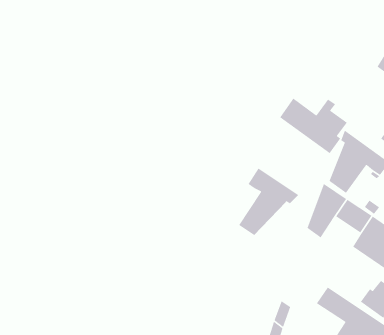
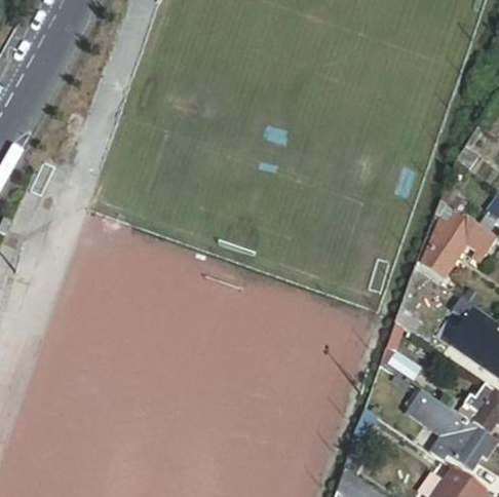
building: [279,98,348,154] -> none
building: [238,168,299,236] -> none

